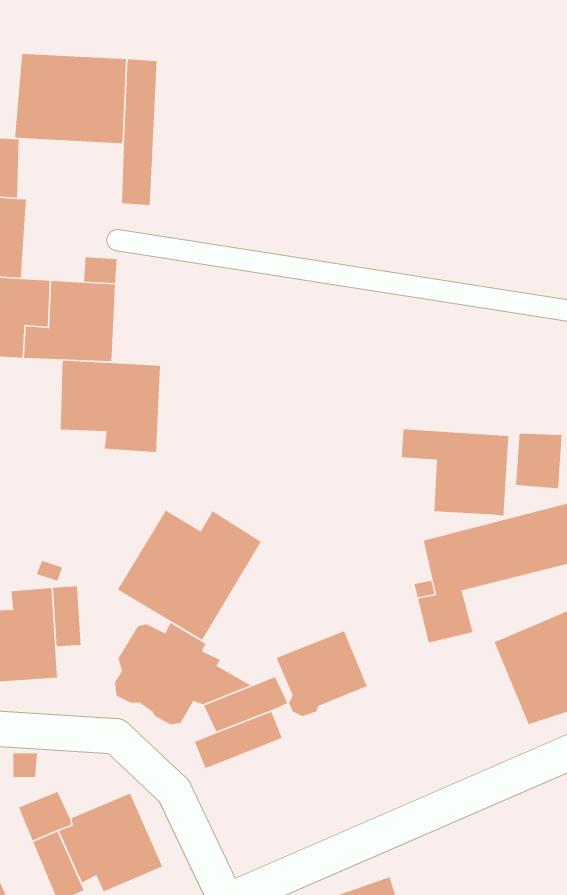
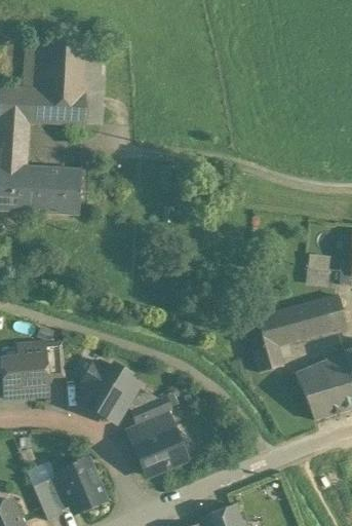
building: none -> [26,88,85,125]
building: [60,360,161,453] -> none
building: [401,429,509,516] -> none
building: [117,509,262,641] -> none
building: [275,630,368,717] -> [134,428,187,478]

